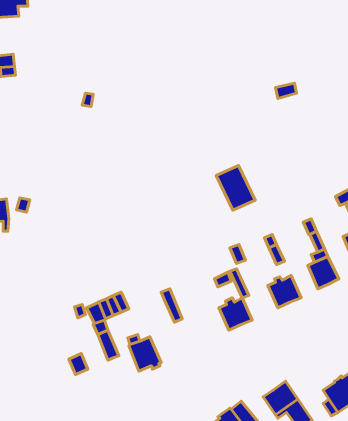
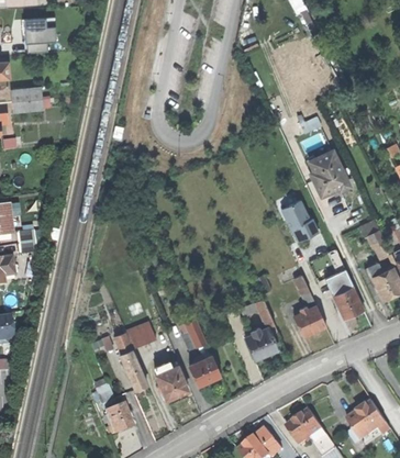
building: none -> [308,152,347,197]
building: [216,166,255,210] -> [278,197,316,241]
building: none -> [189,355,220,384]
building: none -> [104,401,134,433]

